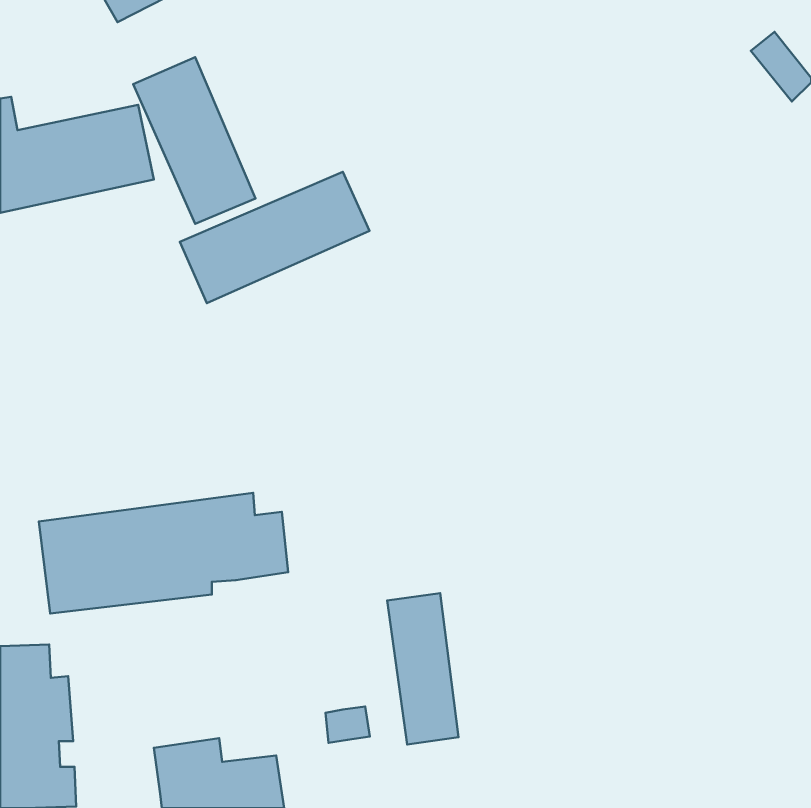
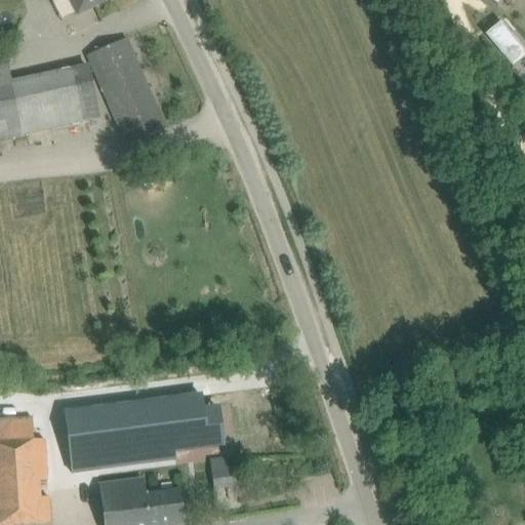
building: [180,172,370,303] -> none
building: [39,493,288,613] -> [63,393,224,471]
building: [387,593,459,745] -> none

